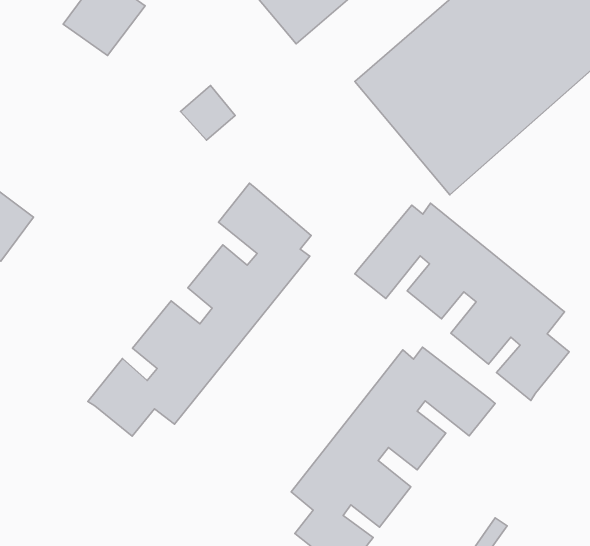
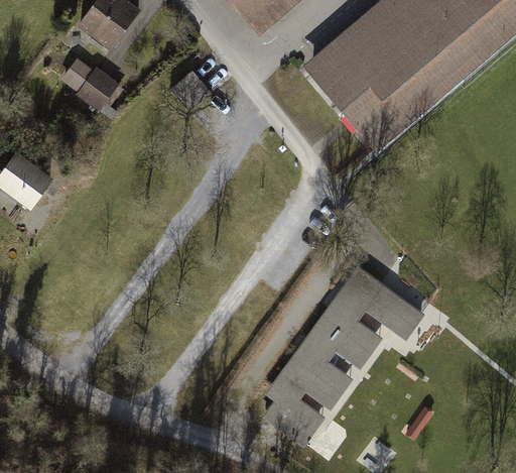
building: none -> [59,51,127,109]
building: [88,183,311,436] -> none
building: [355,203,569,401] -> none

